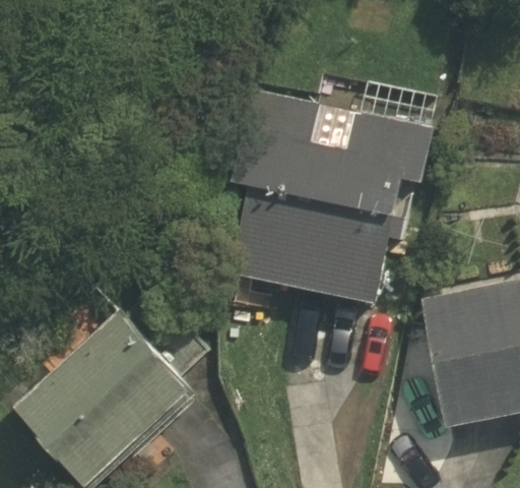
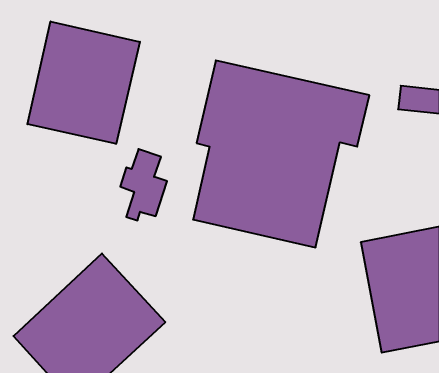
building: none -> [27,21,140,144]

